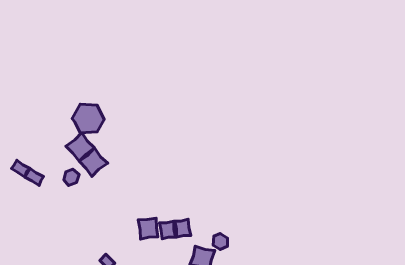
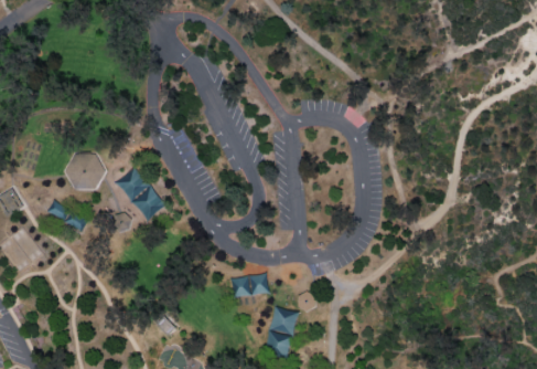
building: [72,104,104,133] -> [65,154,105,189]
building: [138,218,158,239] -> none

